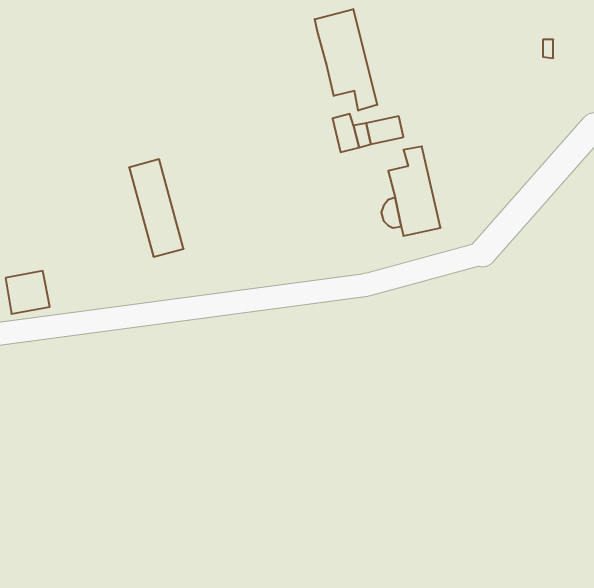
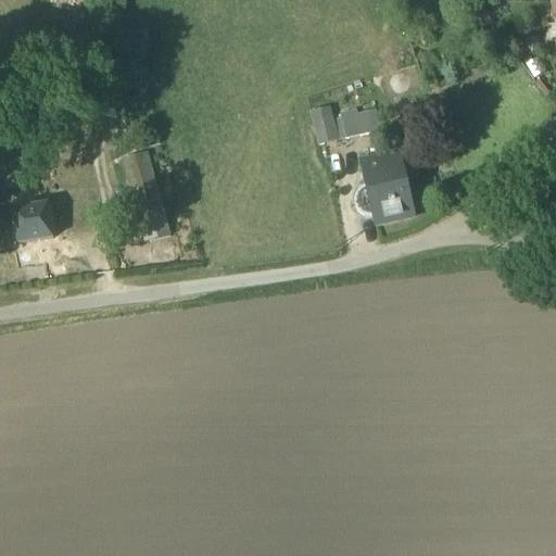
building: [315,9,377,111] -> none
building: [6,271,50,314] -> [13,202,54,242]

